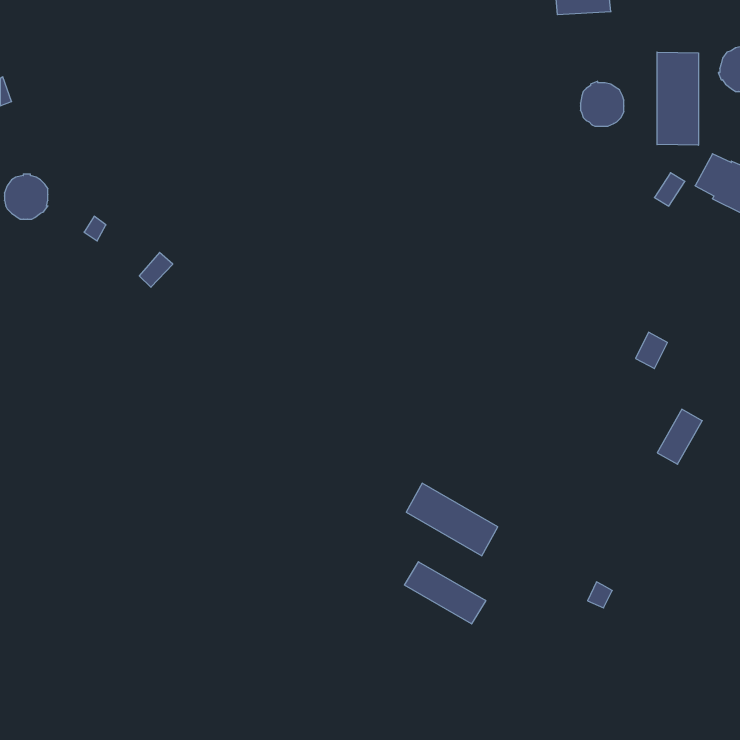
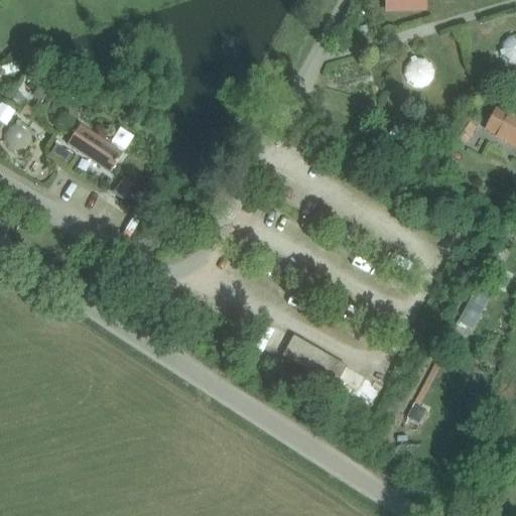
building: [657,52,698,145] -> none
building: none -> [70,126,124,172]
building: [404,562,486,624] -> none

